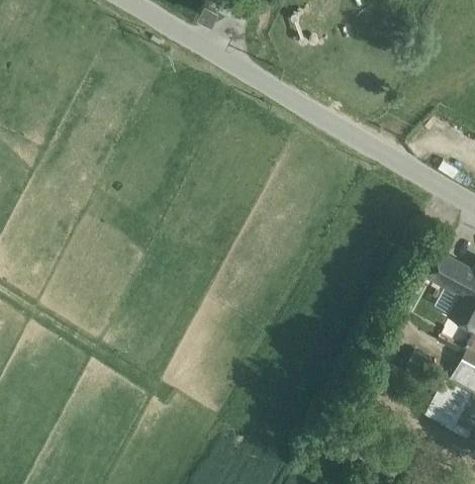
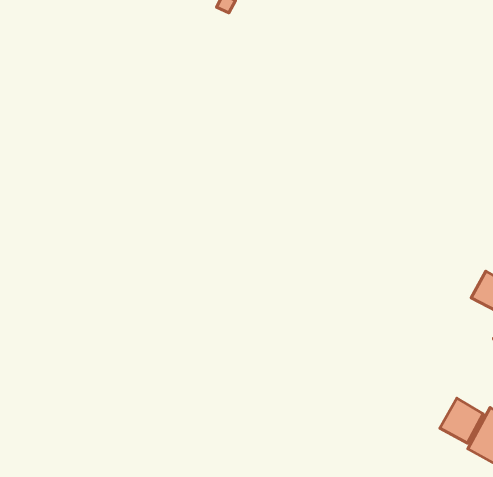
building: none -> [440,398,483,443]

